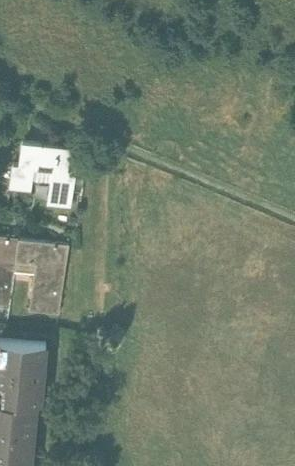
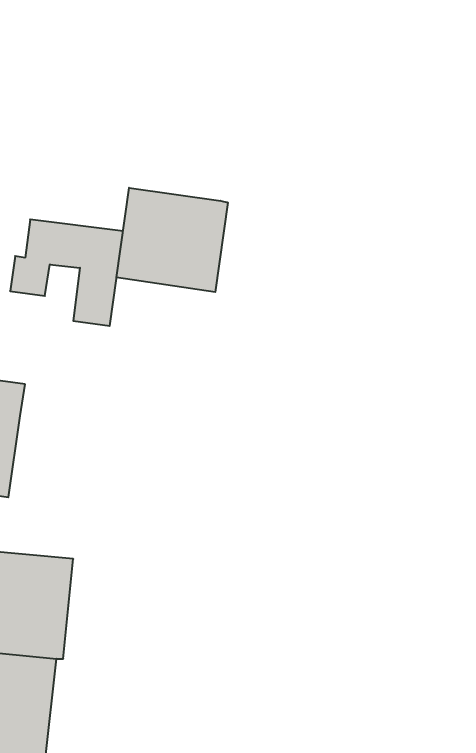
building: none -> [117,188,228,292]
building: [17,239,69,314] -> none

